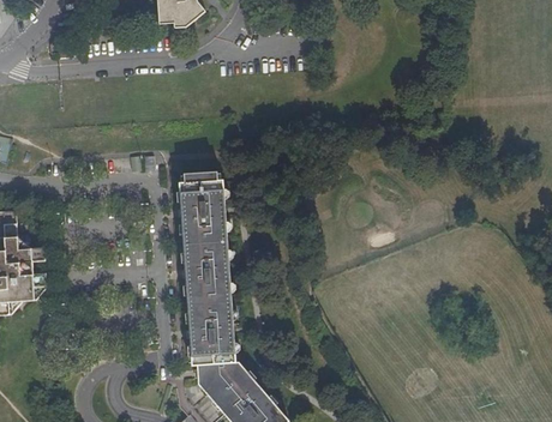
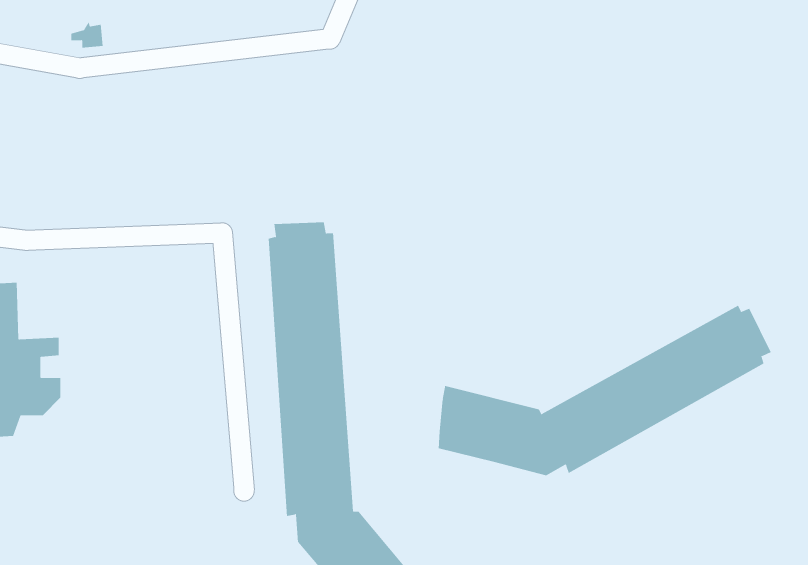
building: none -> [438,305,772,476]

